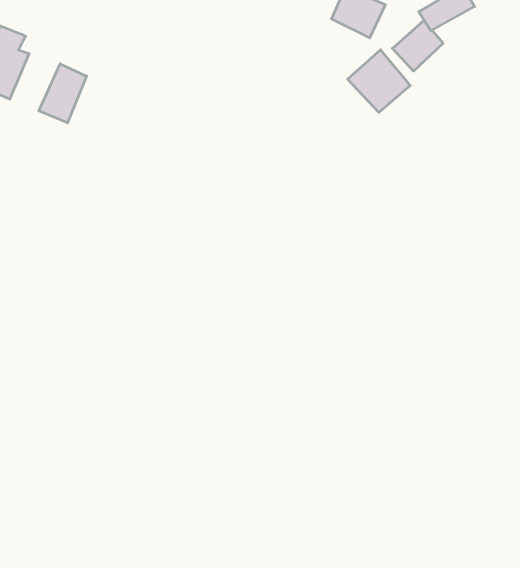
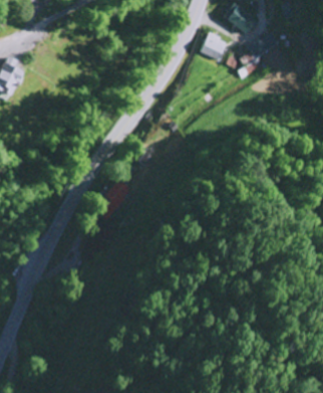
building: [348,50,410,112] -> none
building: [39,64,87,123] -> none

